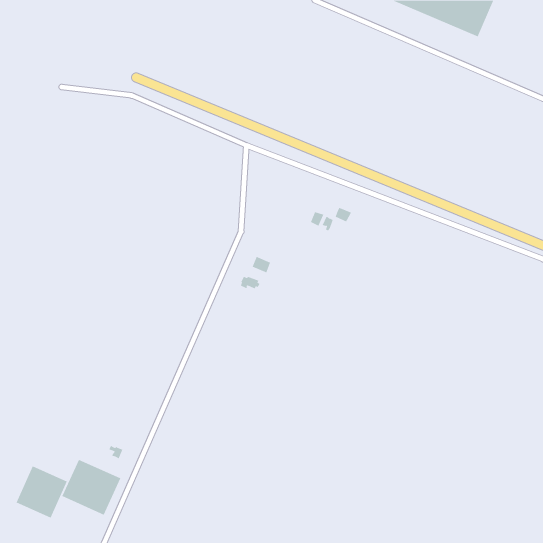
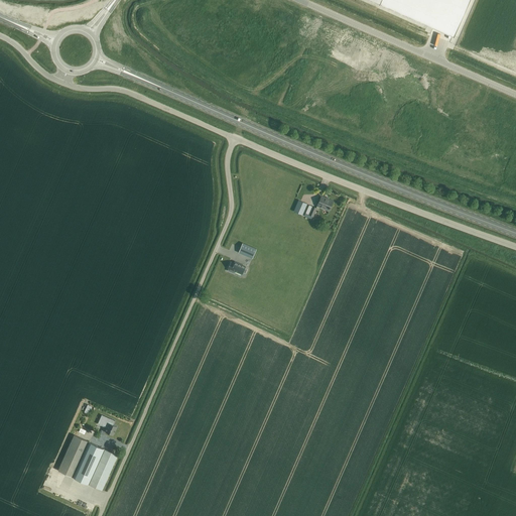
building: [16,465,67,518] -> none

